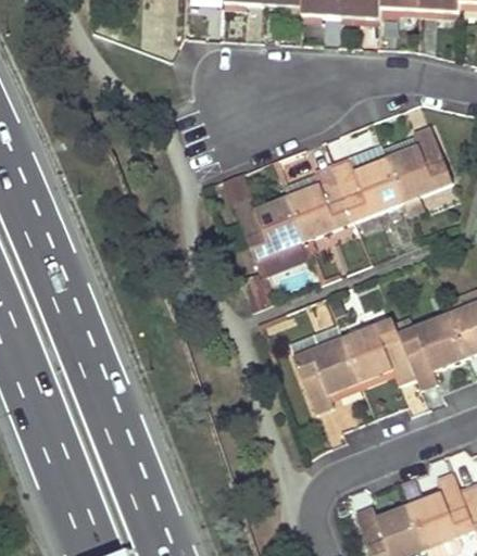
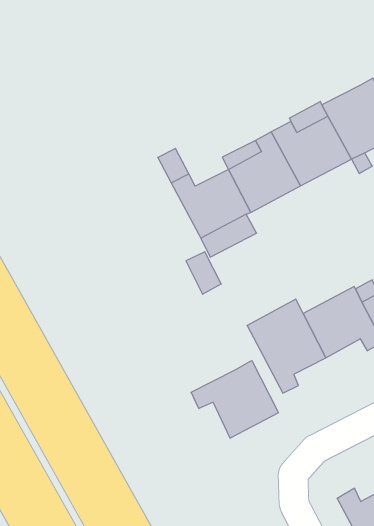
building: none -> [191,361,278,438]

